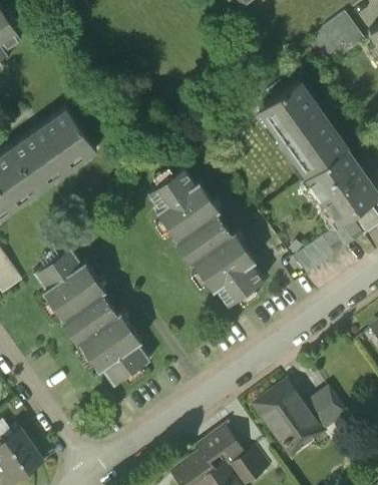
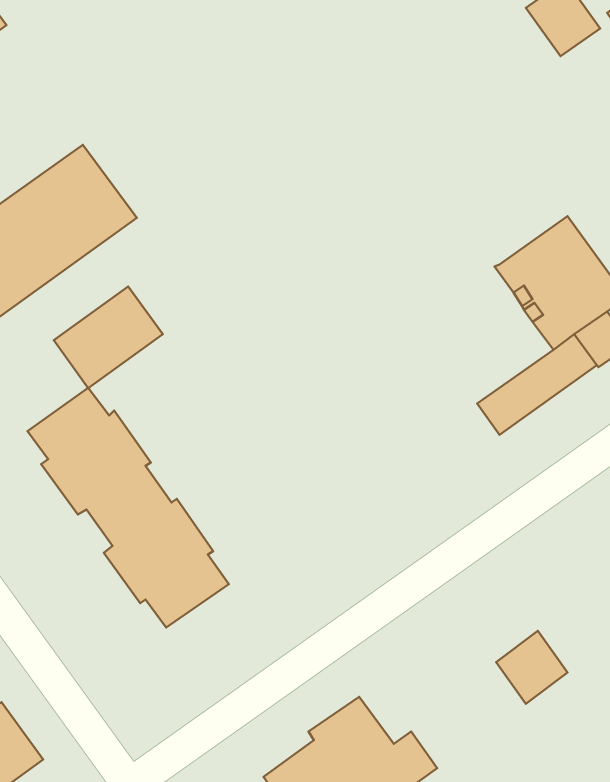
building: [259,82,345,177] -> none
building: [146,168,263,307] -> none
building: none -> [54,287,163,388]
building: [254,383,322,446] -> none

